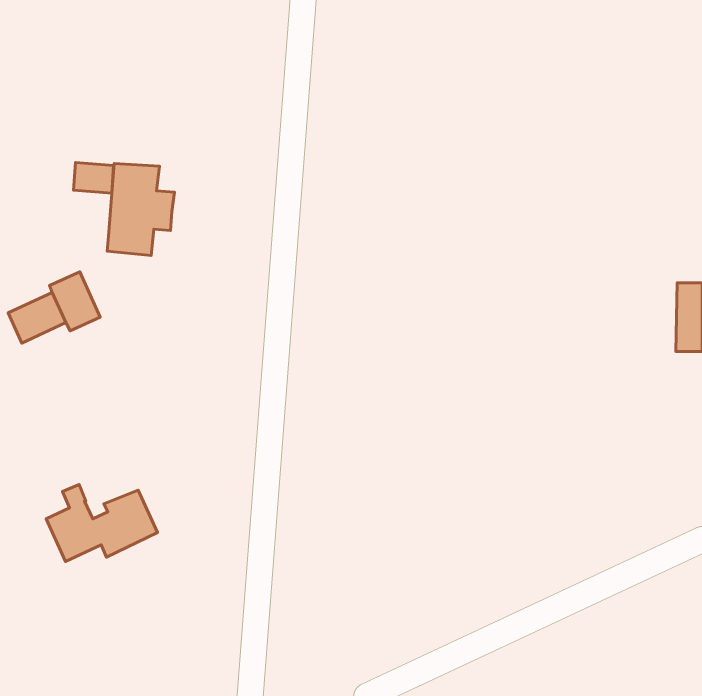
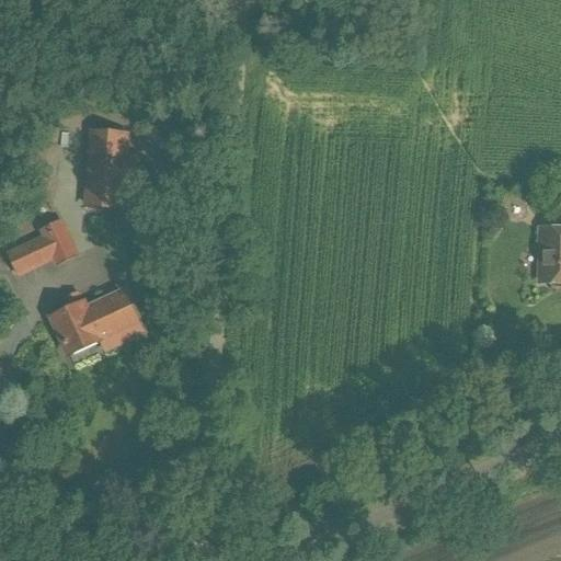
building: [74,163,114,193] -> none
building: [46,485,157,561] -> [53,289,141,351]

